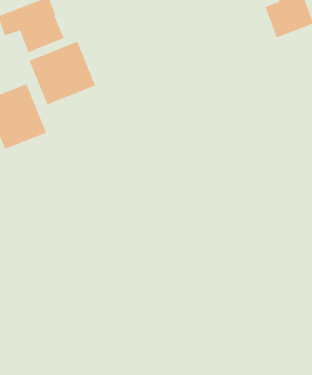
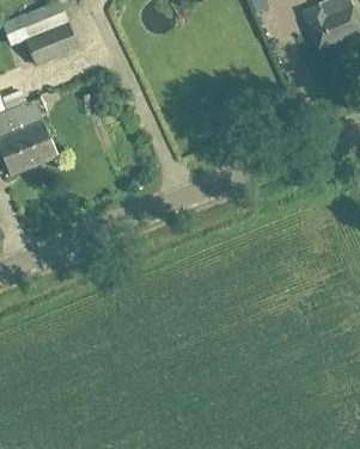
building: [29,41,96,105] -> none

